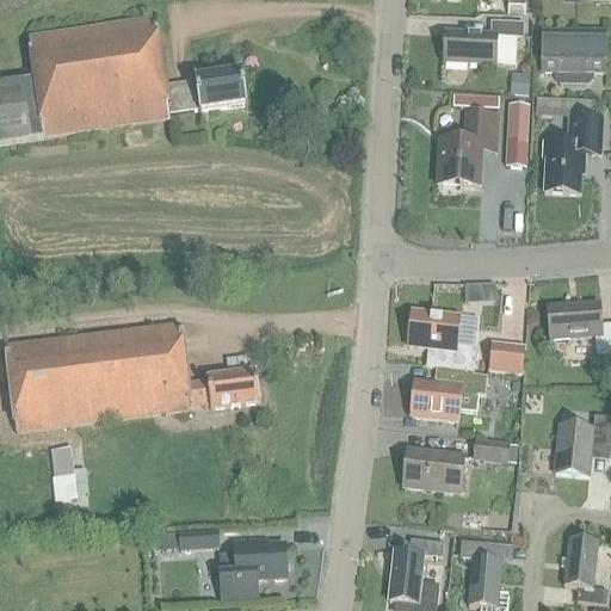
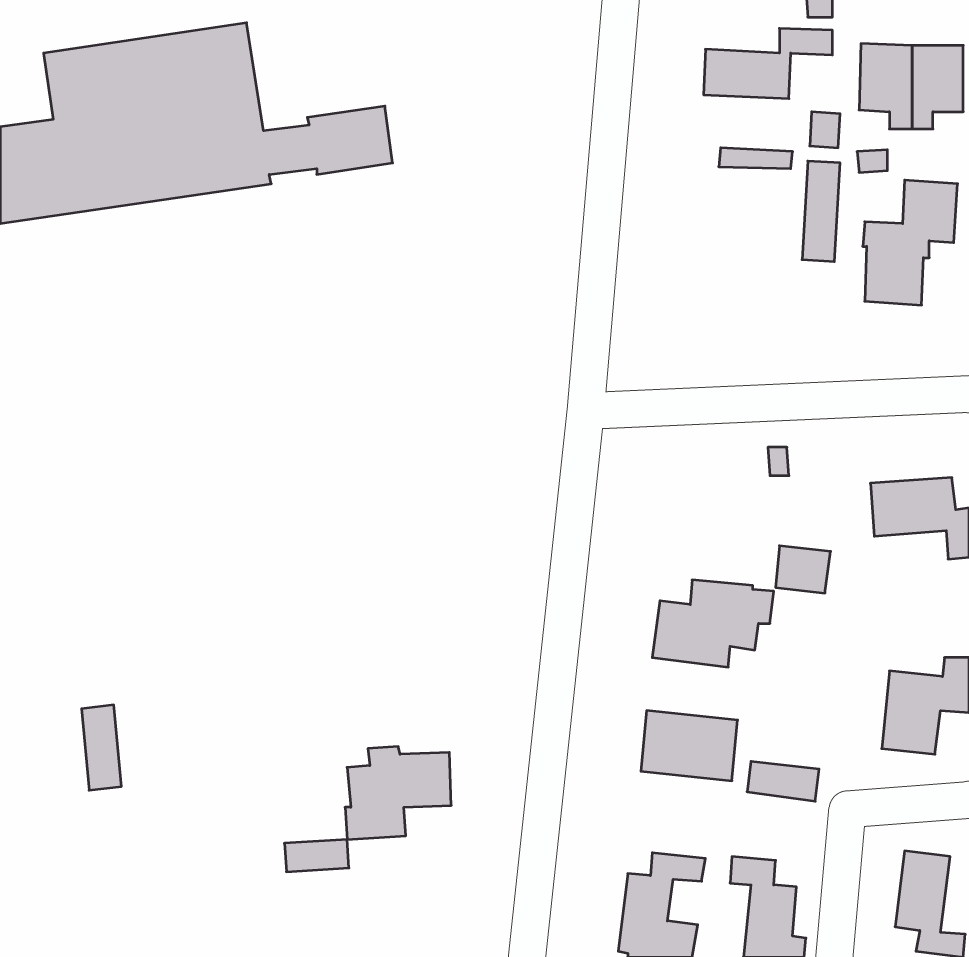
building: [438,110,498,186] -> none
building: [408,309,476,369] -> none
building: [6,322,260,430] -> none
building: [473,437,518,462] -> [747,761,819,801]
building: [220,539,286,598] -> [345,747,451,840]

